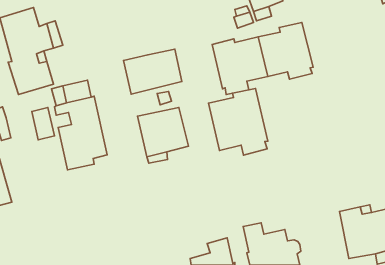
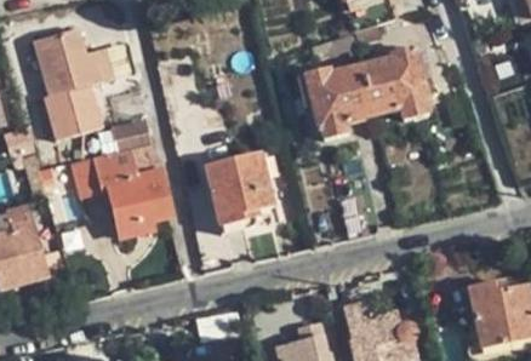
building: [123,49,182,94] -> none
building: [208,88,268,155] -> none

